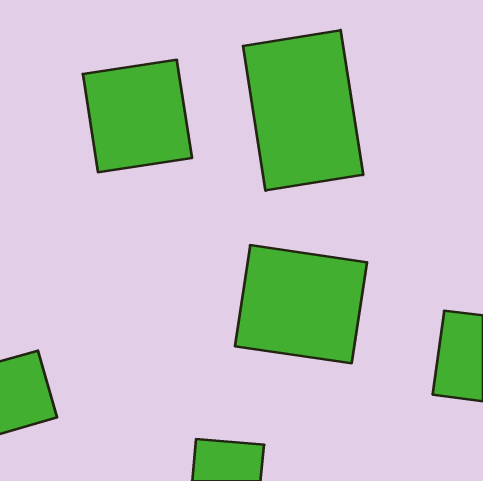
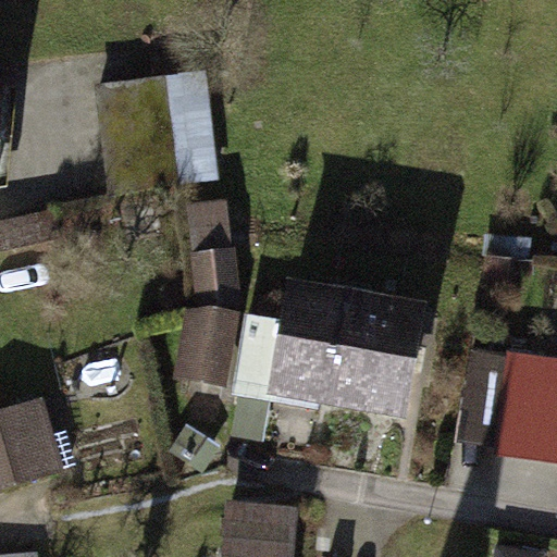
building: [243,30,363,191] -> none
building: none -> [174,200,242,384]

